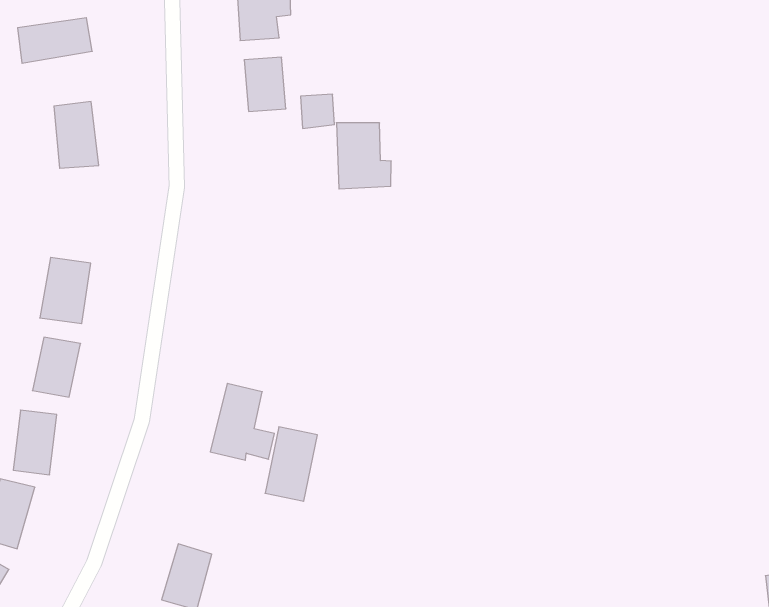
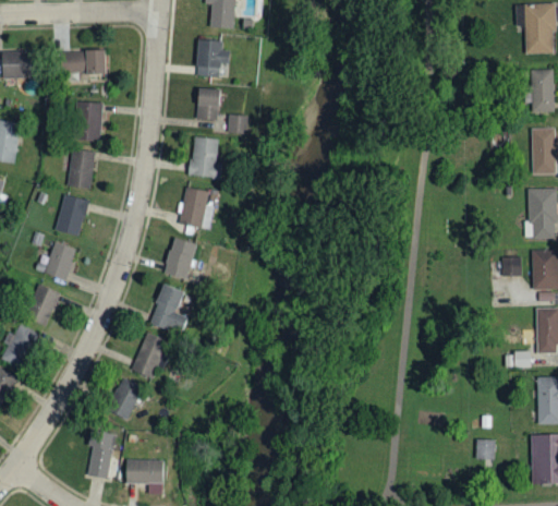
building: [336,123,391,189] -> [190,136,223,179]
building: none -> [66,148,96,190]
building: none -> [181,189,214,228]
building: none -> [165,239,196,280]
building: [265,427,317,501] -> [132,333,168,380]

